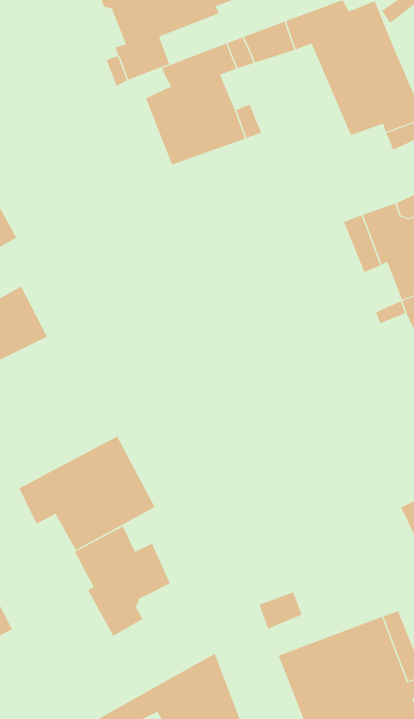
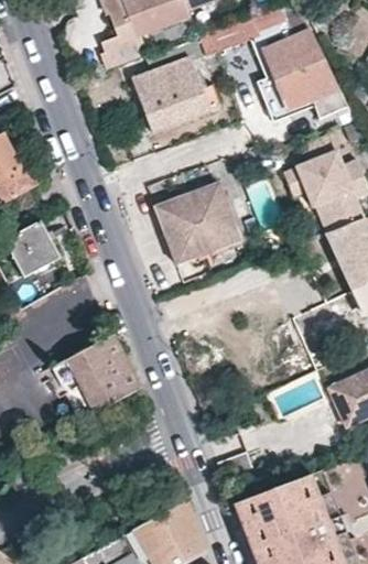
building: none -> [156,180,242,260]
building: [74,525,170,637] -> none

